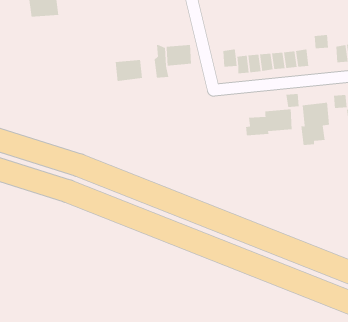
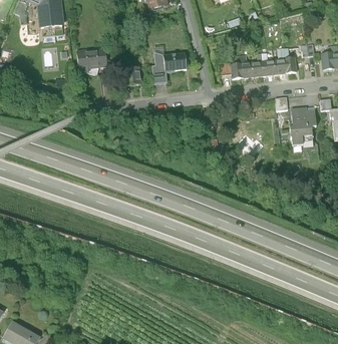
building: none -> [77,47,107,74]
building: [246,108,292,136] -> none

